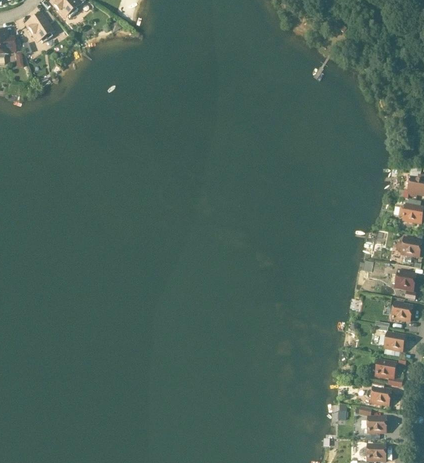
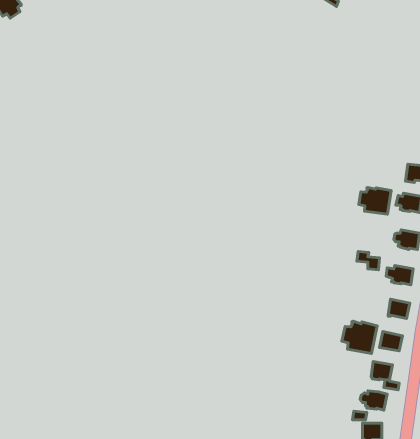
building: none -> [359,187,391,214]
building: none -> [342,321,377,353]

